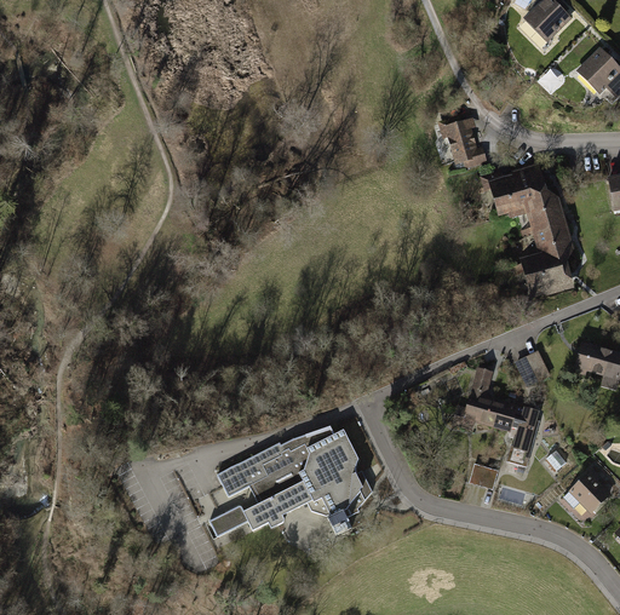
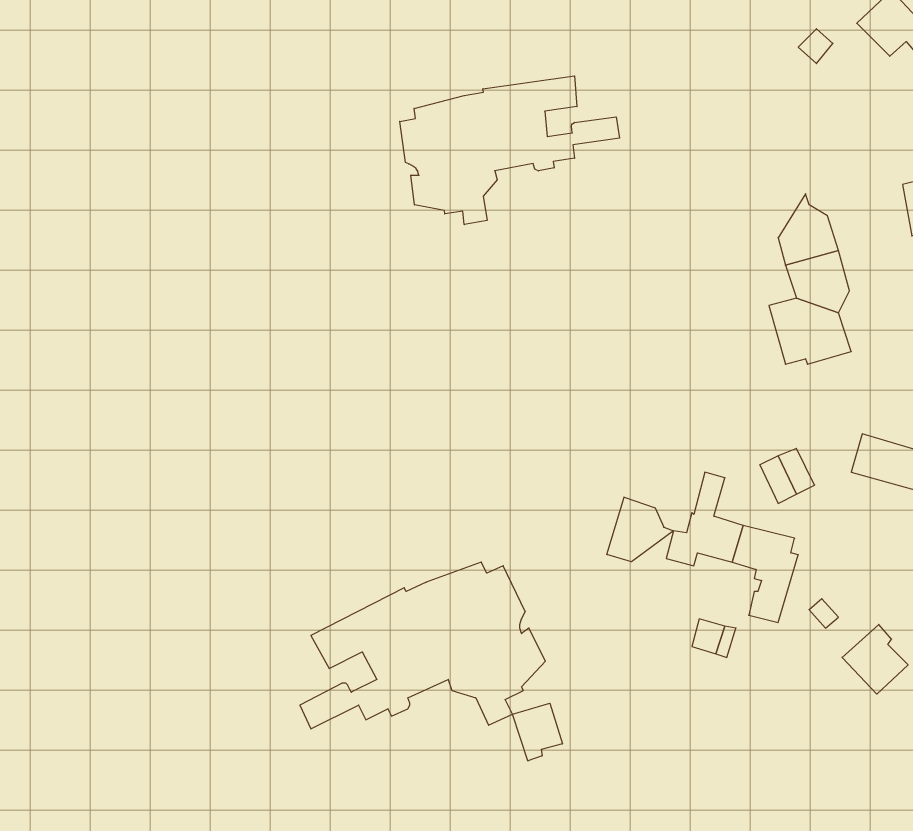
building: none -> [400,76,619,225]
building: [437,115,486,167] -> none
building: [488,162,544,217] -> none
building: none -> [607,497,674,562]
building: none -> [512,703,562,761]

